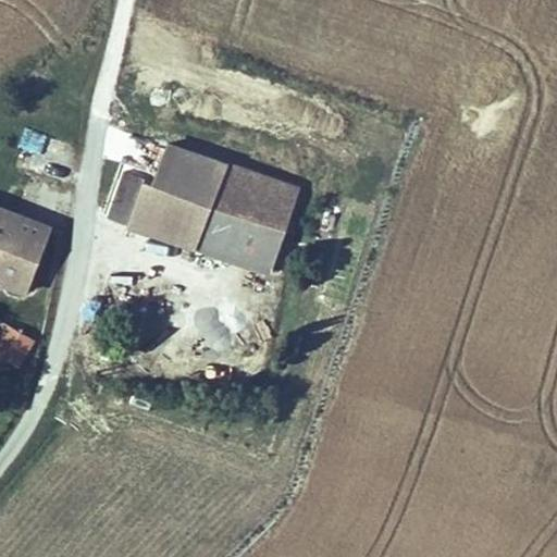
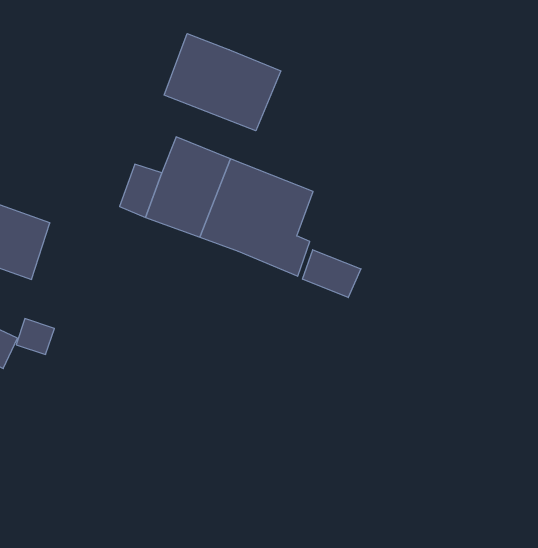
building: none -> [164,34,281,131]
building: none -> [303,250,361,298]

